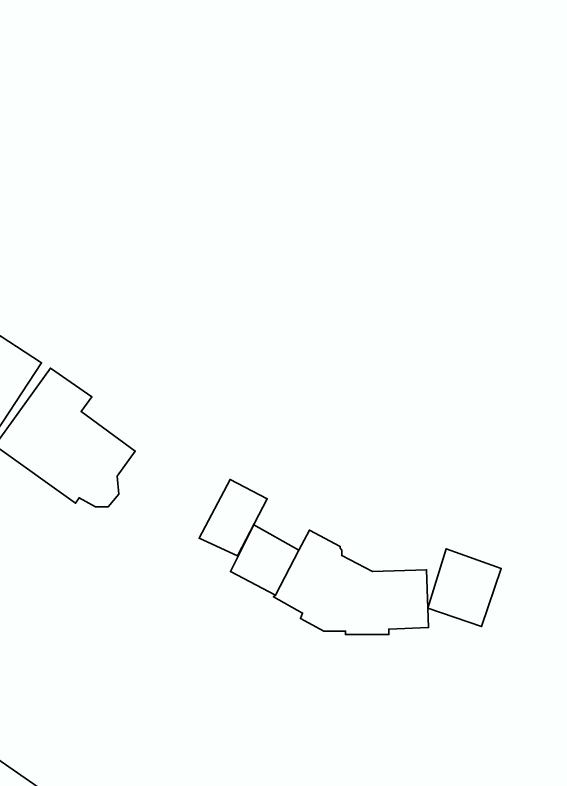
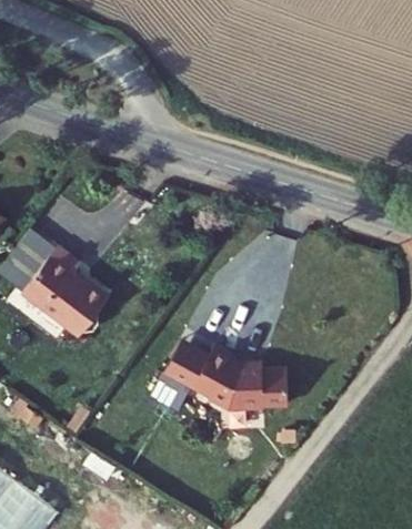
building: [199,480,267,556] -> none
building: [428,549,501,626] -> none

